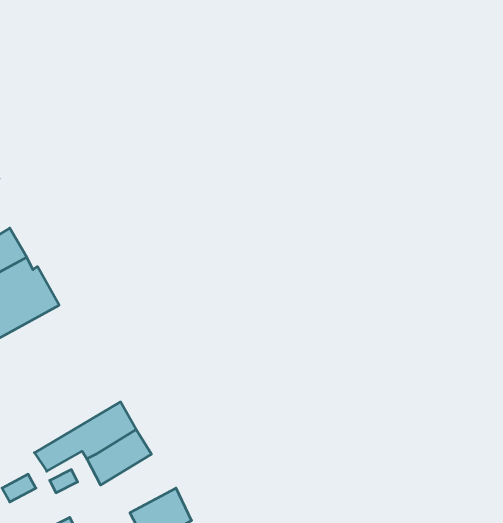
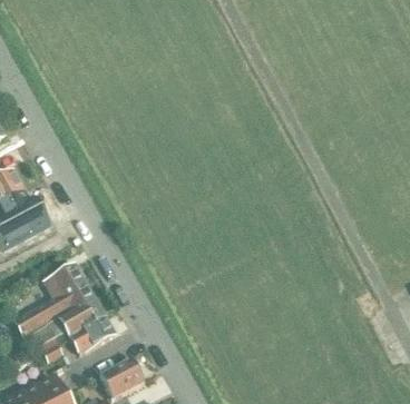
building: none -> [13,264,92,336]

